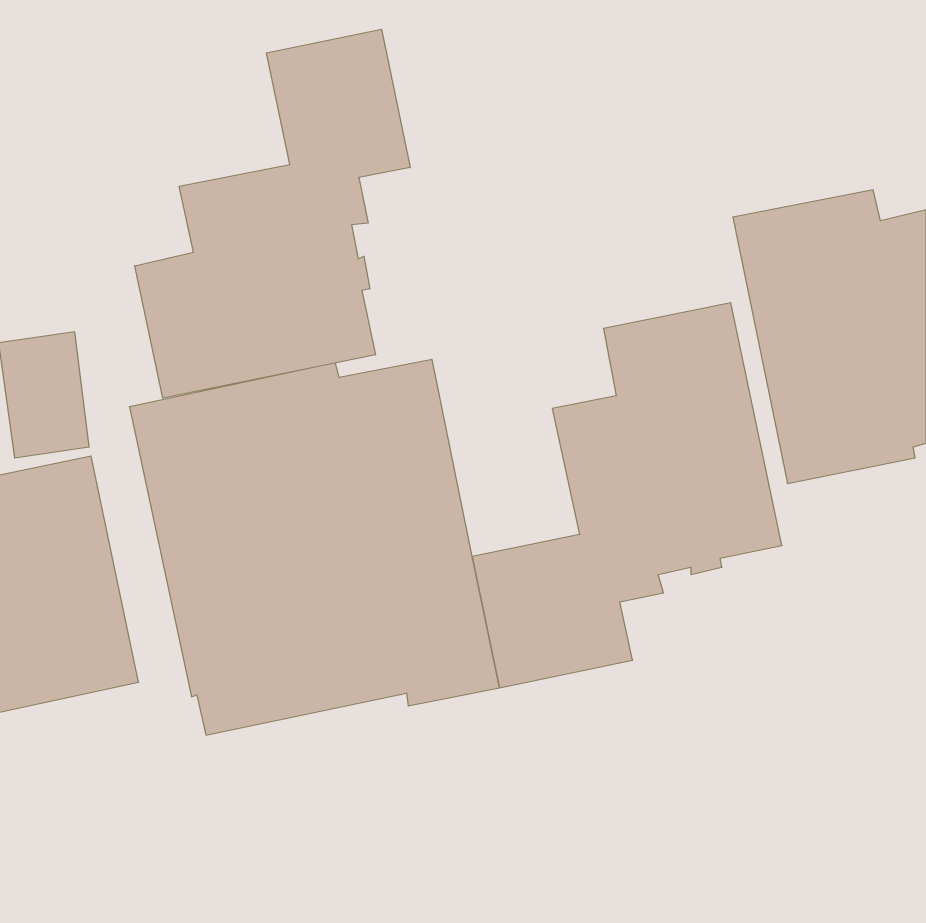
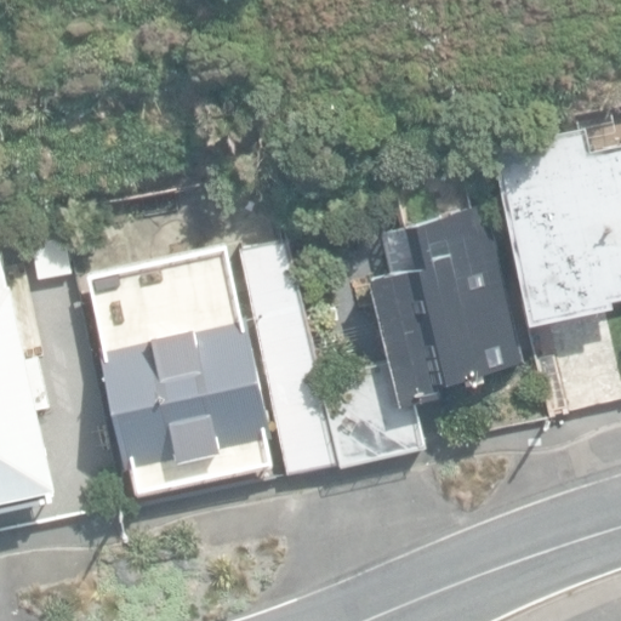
building: [135,29,410,398] -> none

